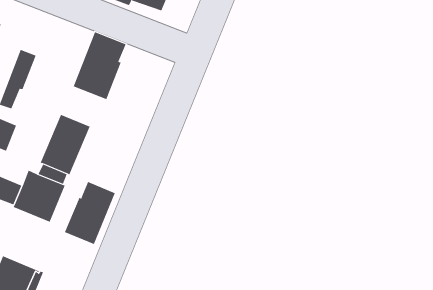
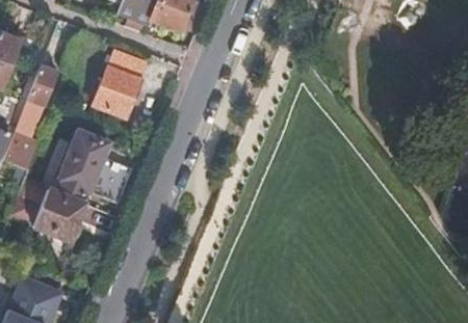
building: [64,181,116,245] -> none

